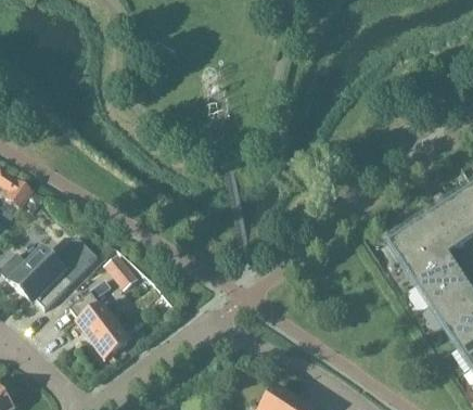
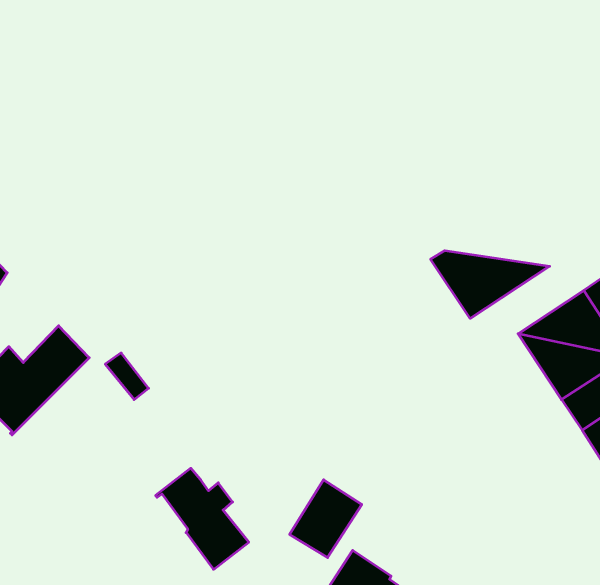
building: none -> [431,251,550,318]
building: [65,289,128,357] -> [156,468,249,569]
building: none -> [290,480,362,558]

